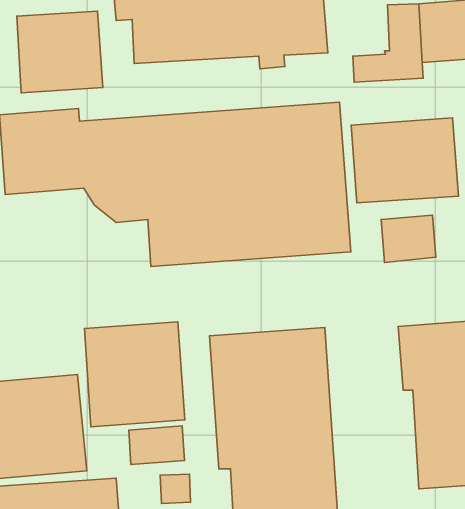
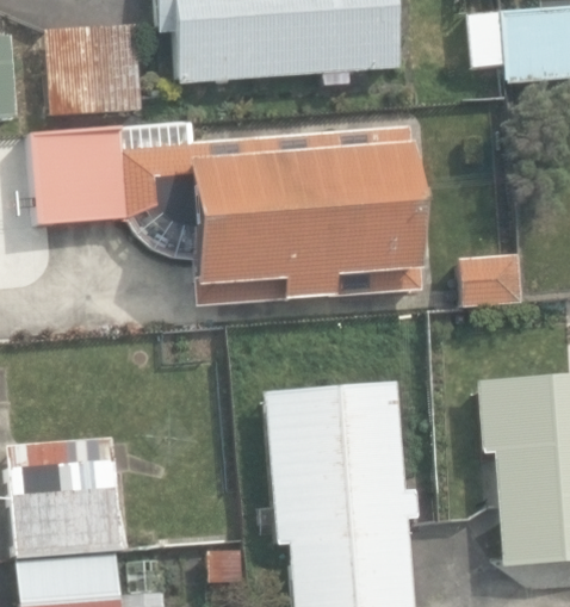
building: [351,118,458,203] -> none
building: [85,322,185,427] -> none

